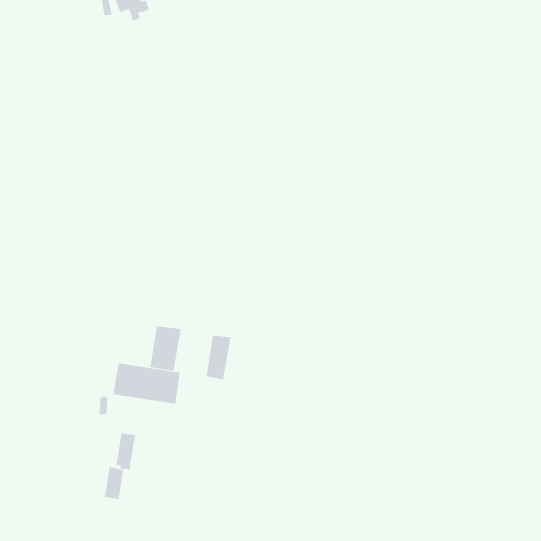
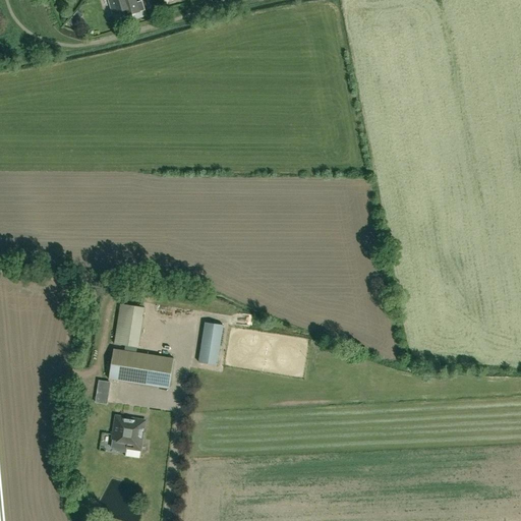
building: [150,326,181,371] -> [114,303,144,347]
building: [104,467,124,499] -> [125,417,144,449]

